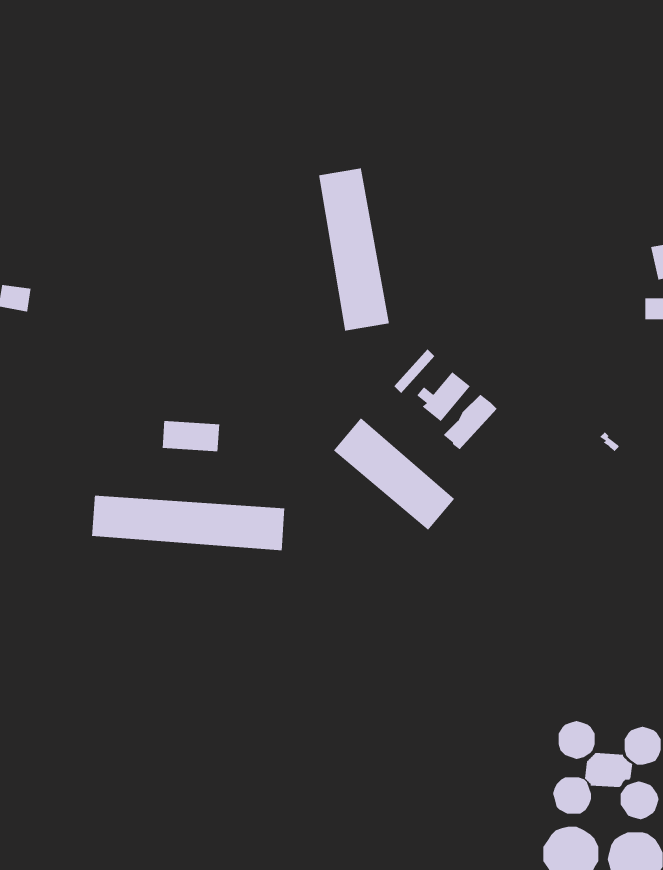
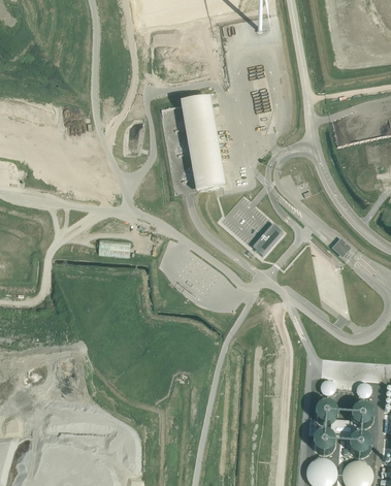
building: [333,417,455,531] -> none
building: [91,495,285,551] -> none

